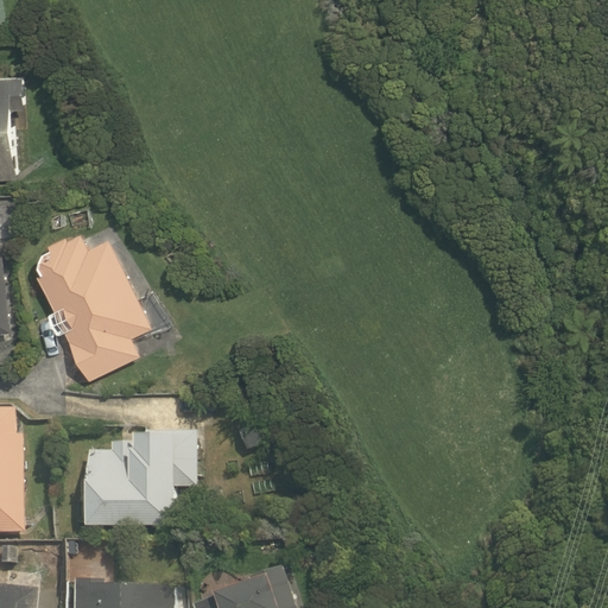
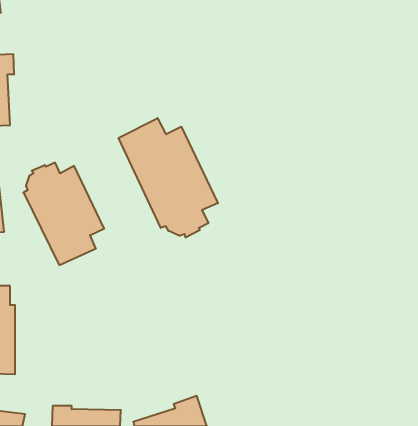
building: none -> [119,118,218,238]
building: [83,432,194,527] -> none

